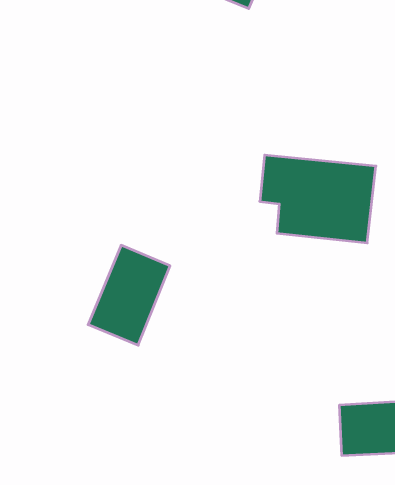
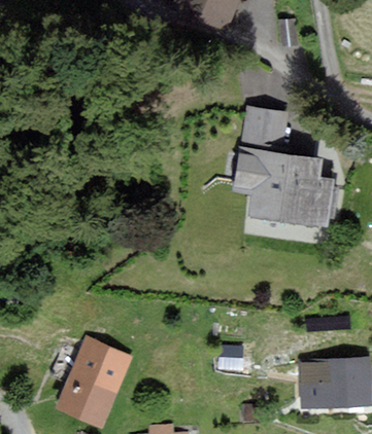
building: none -> [248,112,290,151]
building: [88,245,170,345] -> [58,338,127,423]

